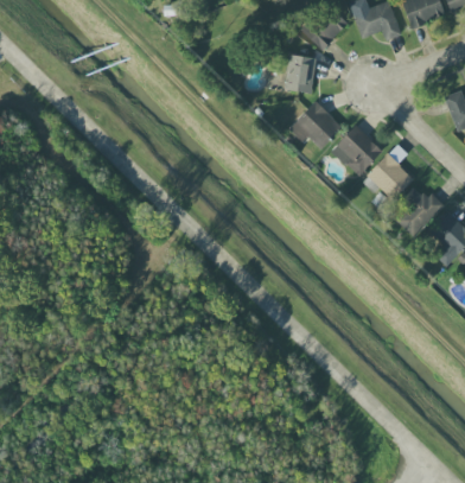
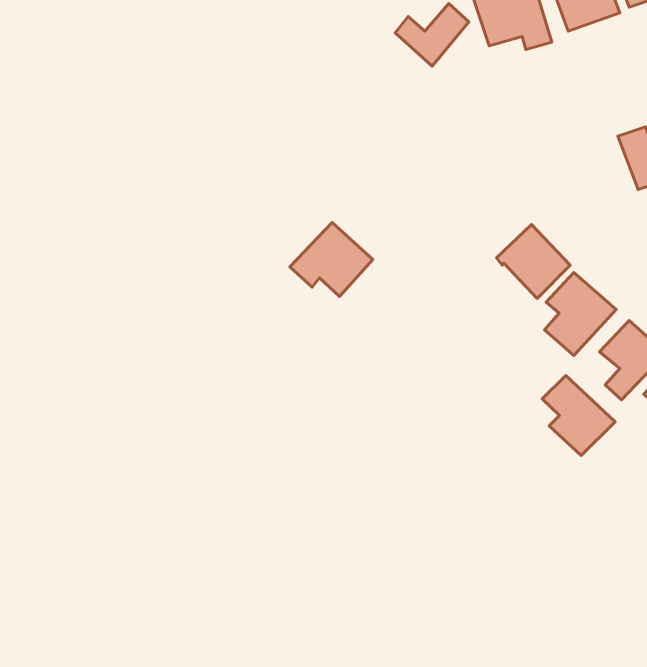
building: [285,55,316,93] -> none
building: [288,101,342,148] -> [290,223,373,296]
building: [330,125,382,177] -> none
building: none -> [542,375,615,456]

